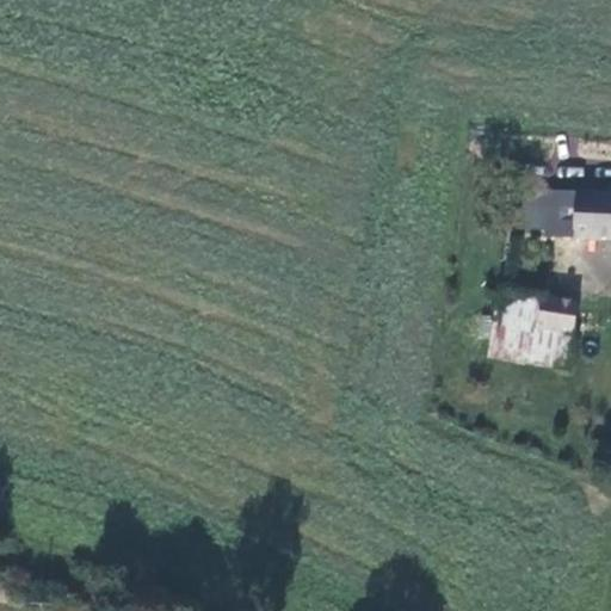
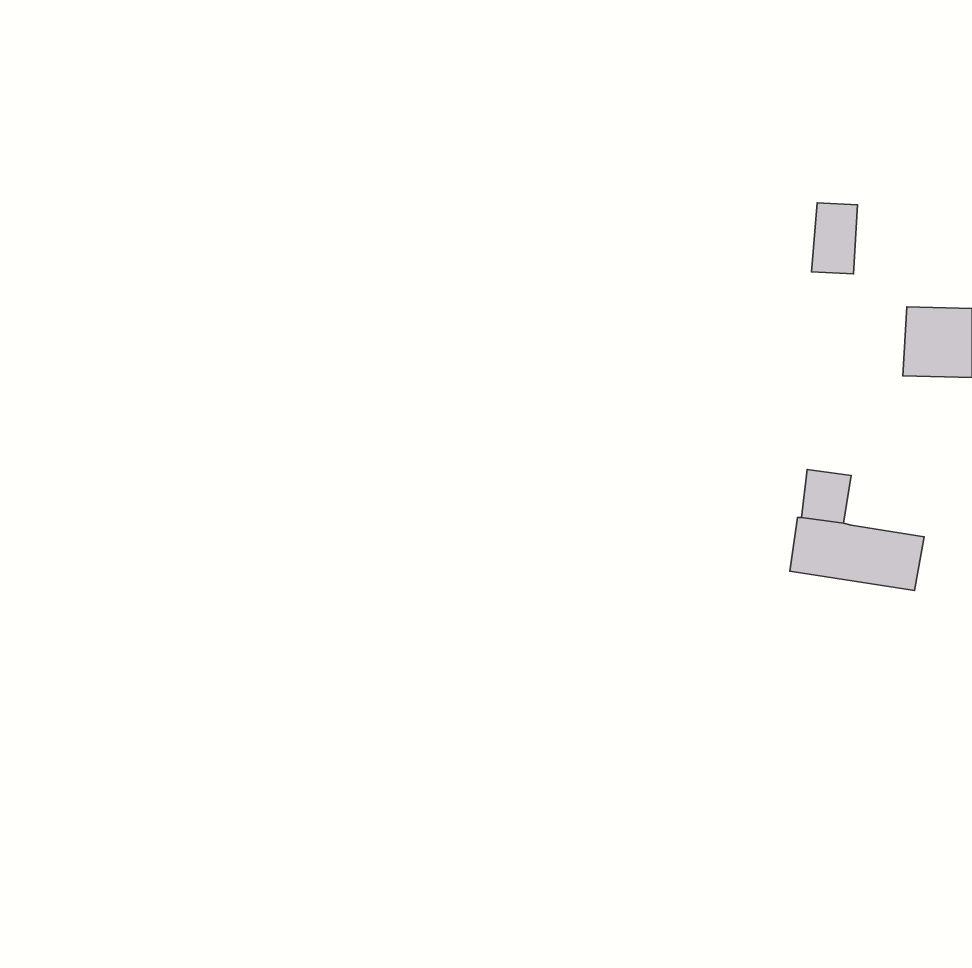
building: [536,190,564,234] -> [811,203,857,274]
building: [530,296,580,334] -> none

